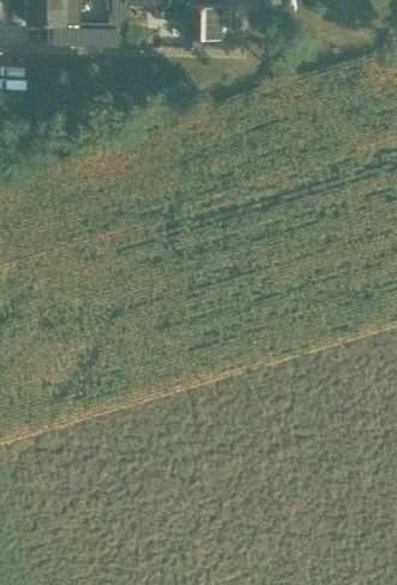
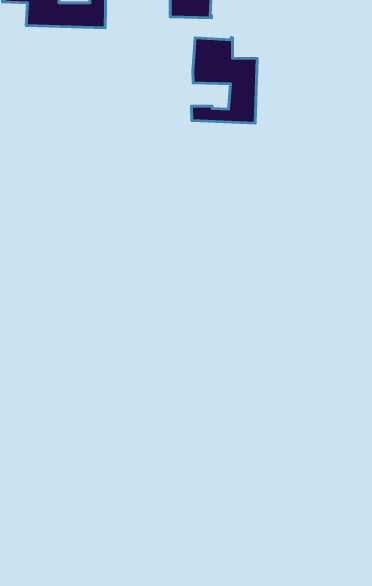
building: none -> [192,38,257,123]

